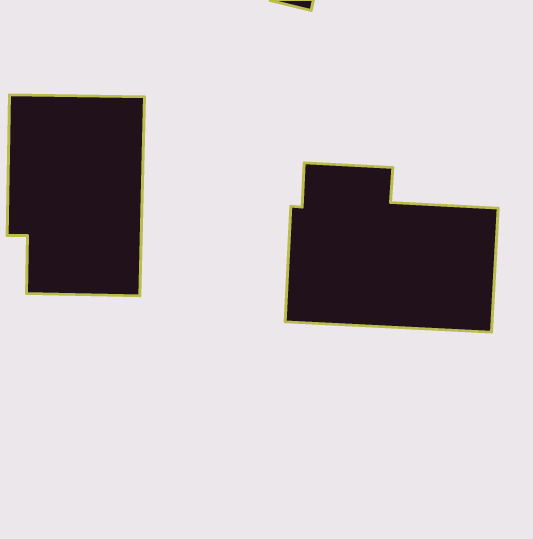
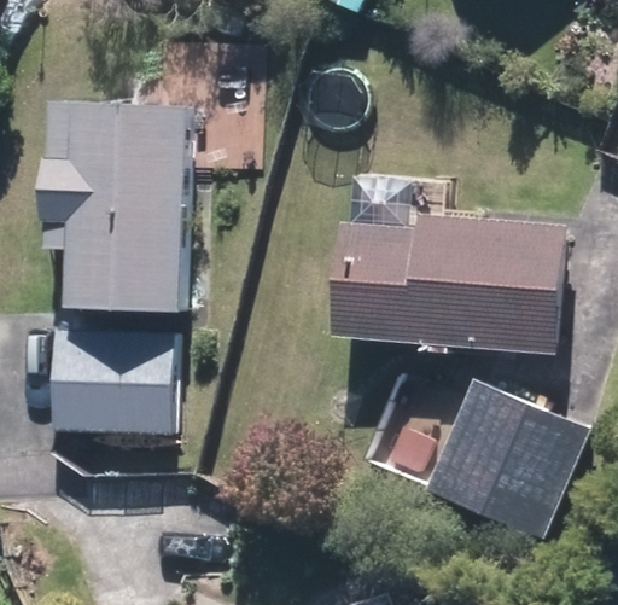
building: none -> [51,326,173,440]
building: none -> [426,376,591,539]

